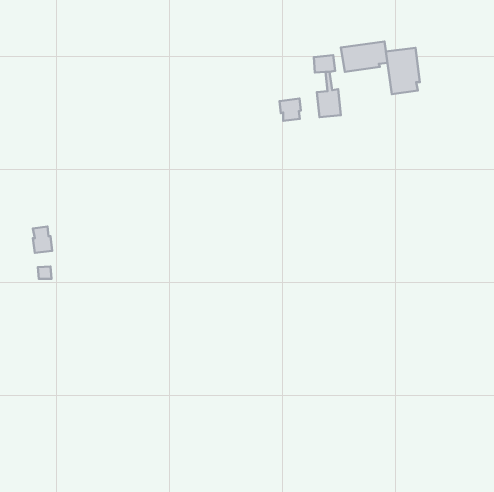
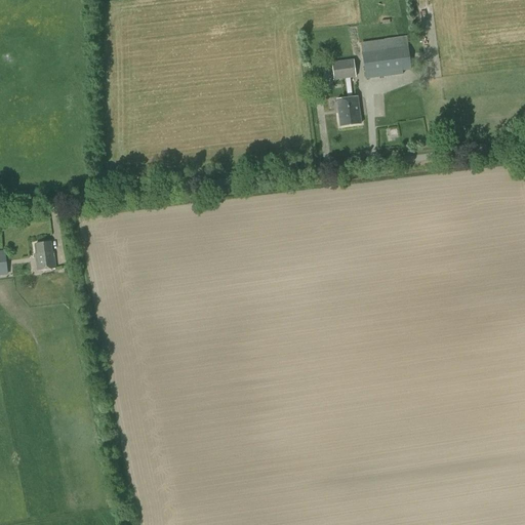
building: [386,48,420,94] -> none
building: [280,99,301,121] -> none

